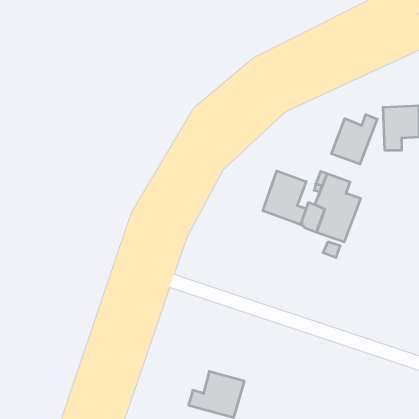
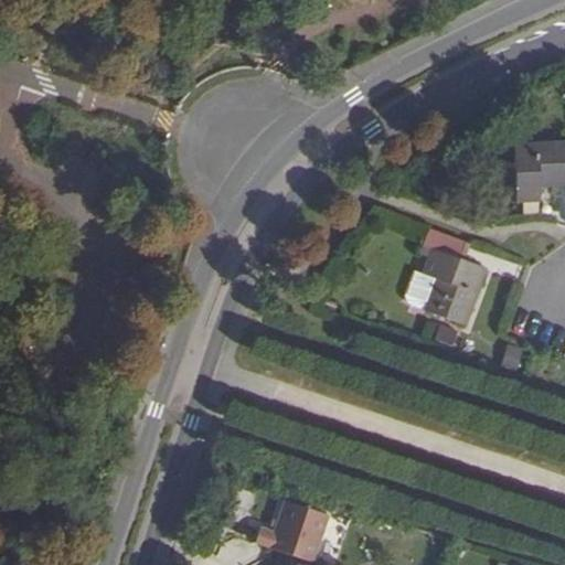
building: [332,115,377,164] -> none
building: [263,171,306,225] -> none

